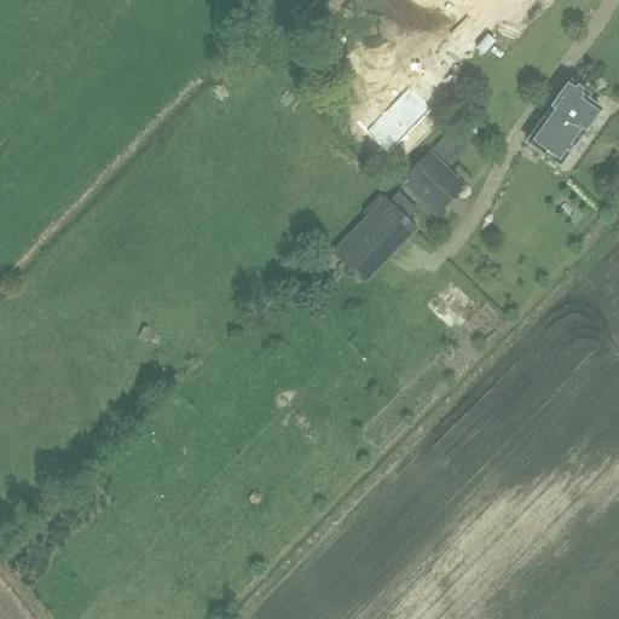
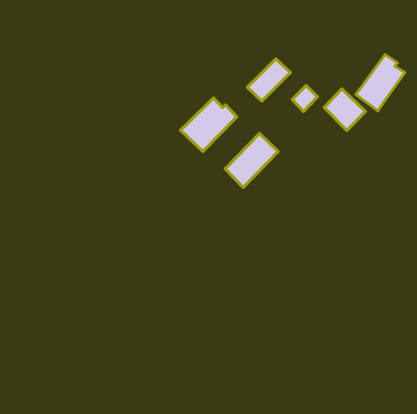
building: none -> [180,98,237,152]
building: [403,151,464,213] -> [324,89,366,130]

